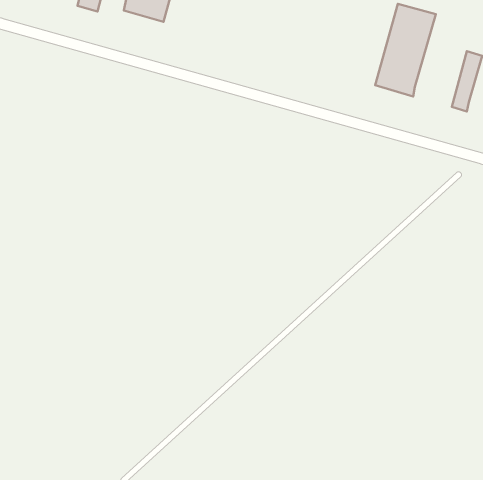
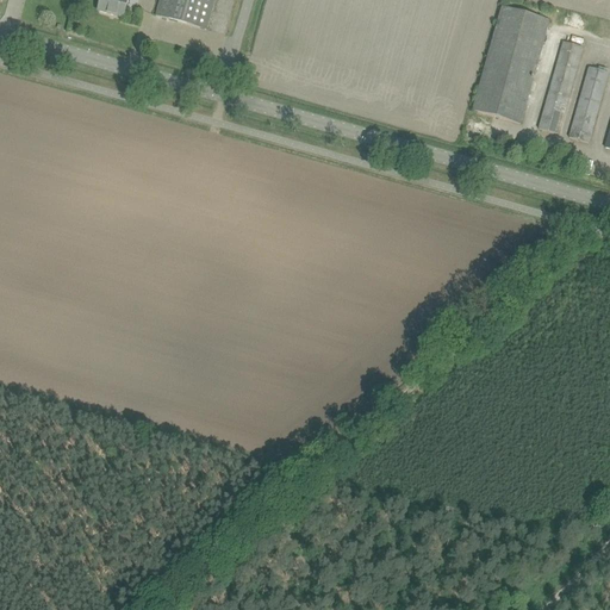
building: none -> [539,39,581,131]

